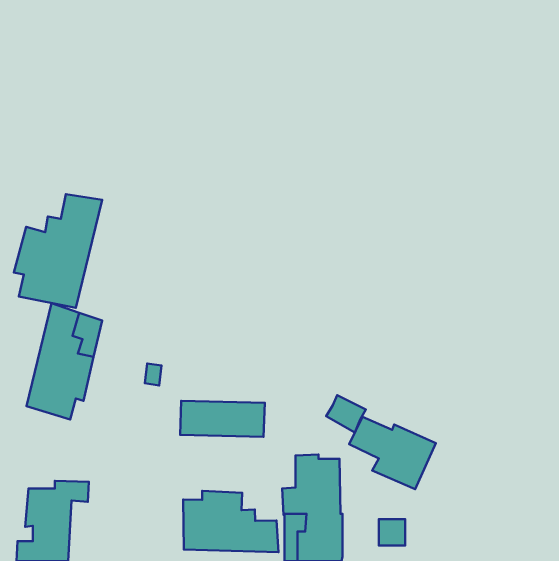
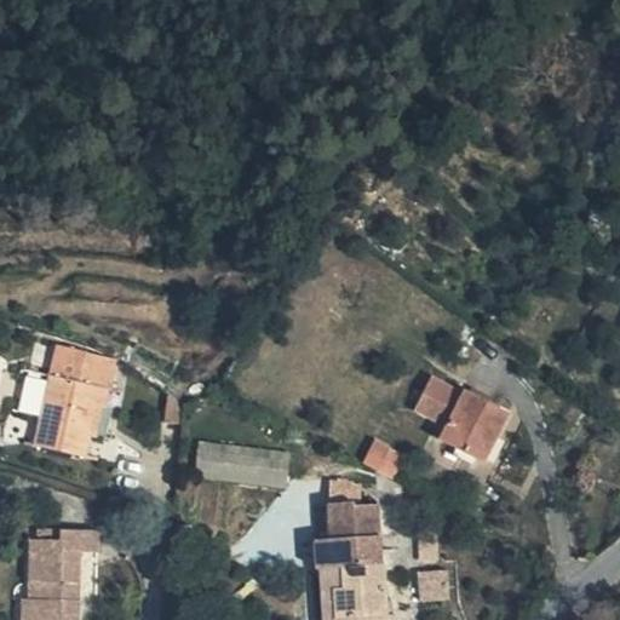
building: [14,194,102,308] -> none
building: [349,417,436,489] -> [411,379,506,459]
building: [183,491,278,552] -> none

